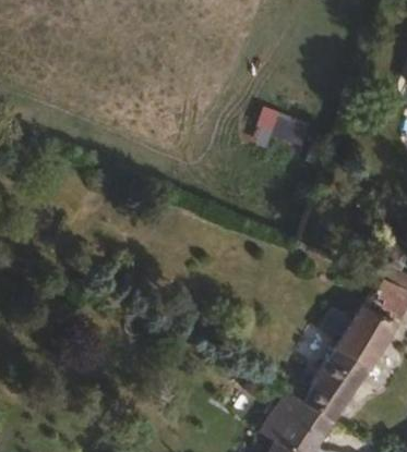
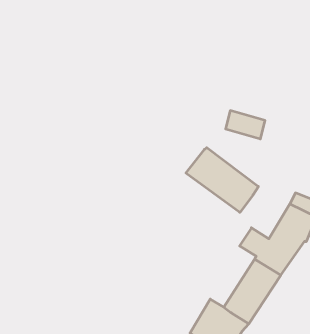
building: [255,110,302,144] -> [226,111,265,139]
building: none -> [186,148,258,212]

